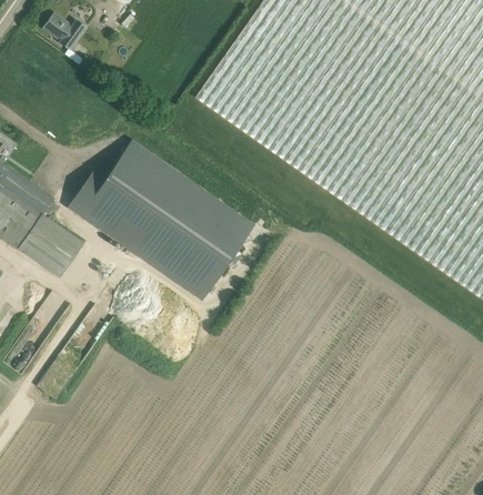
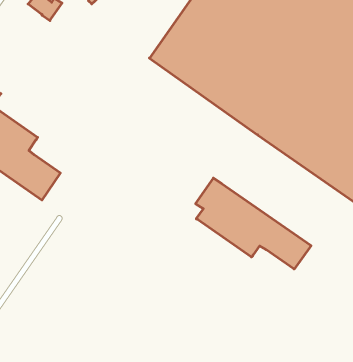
building: [69,142,254,300] -> none
building: none -> [196,178,311,269]

